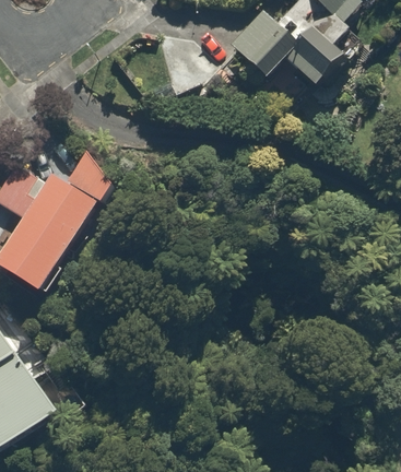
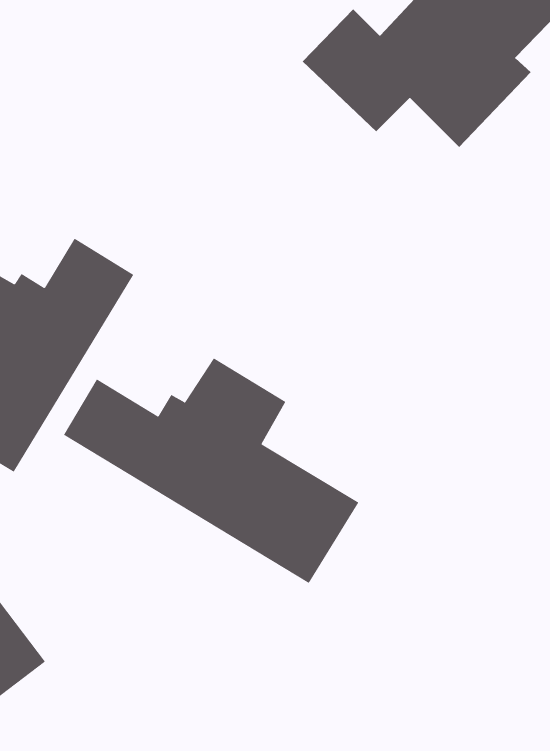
building: none -> [63,357,359,584]

